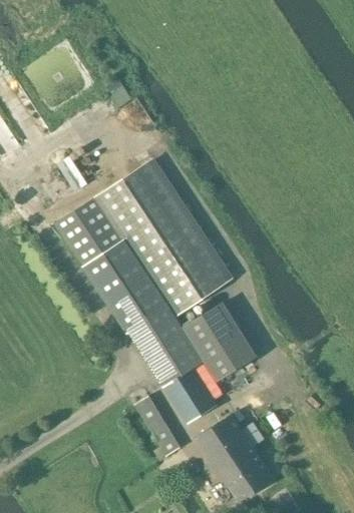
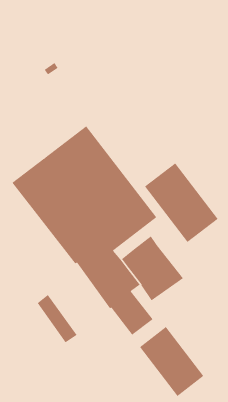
building: none -> [144,162,219,243]
building: [133,395,181,456] -> [37,294,78,343]

